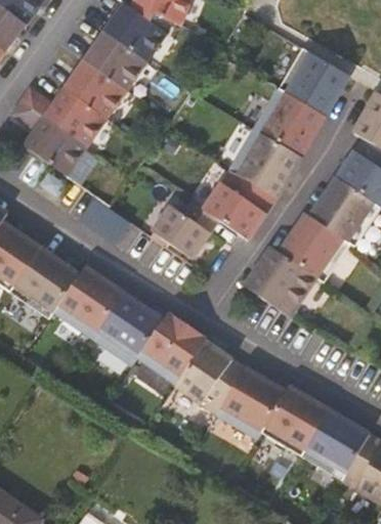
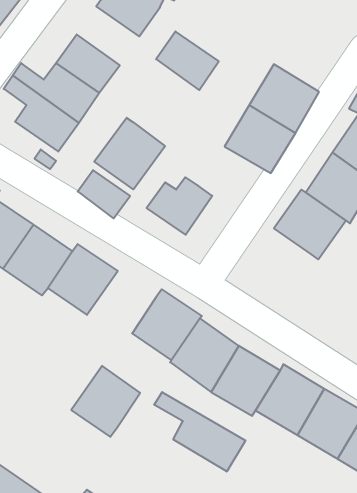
building: [83,31,145,89] -> [156,31,219,90]
building: [280,47,349,116] -> none
building: none -> [94,118,165,189]
building: [204,170,277,239] -> none
building: [245,247,316,316] -> none
building: [93,294,162,364] -> [71,366,140,437]
building: none -> [154,392,245,472]

